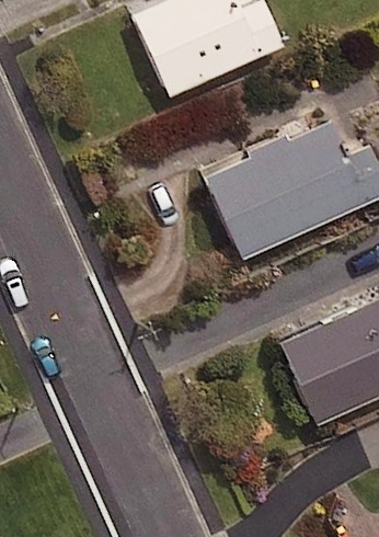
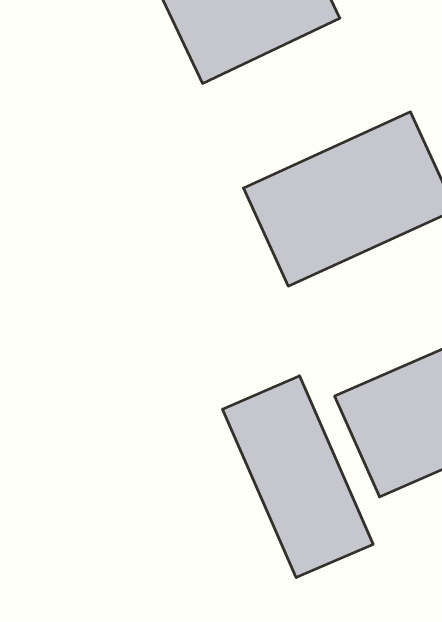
building: none -> [223,376,373,578]

